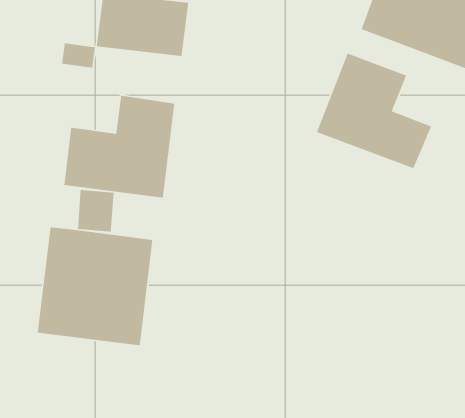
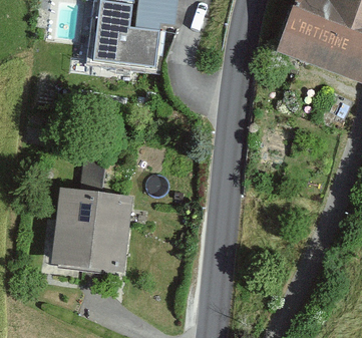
building: [316,53,432,169] -> none
building: [63,95,175,199] -> none

